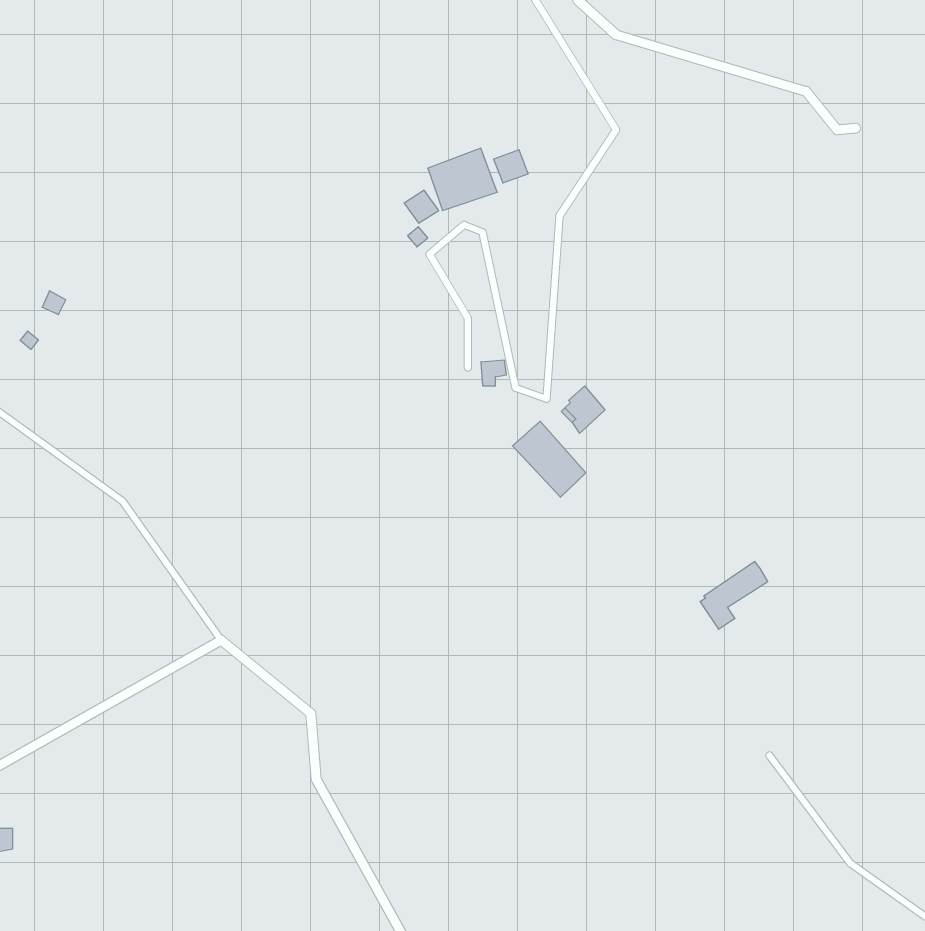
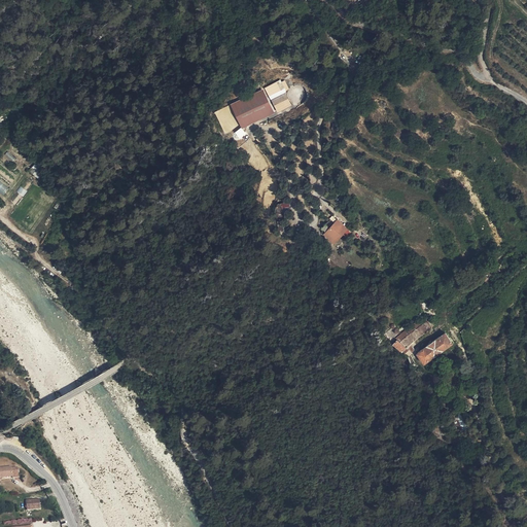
building: [512,421,586,497] -> none
building: none -> [416,335,450,373]

